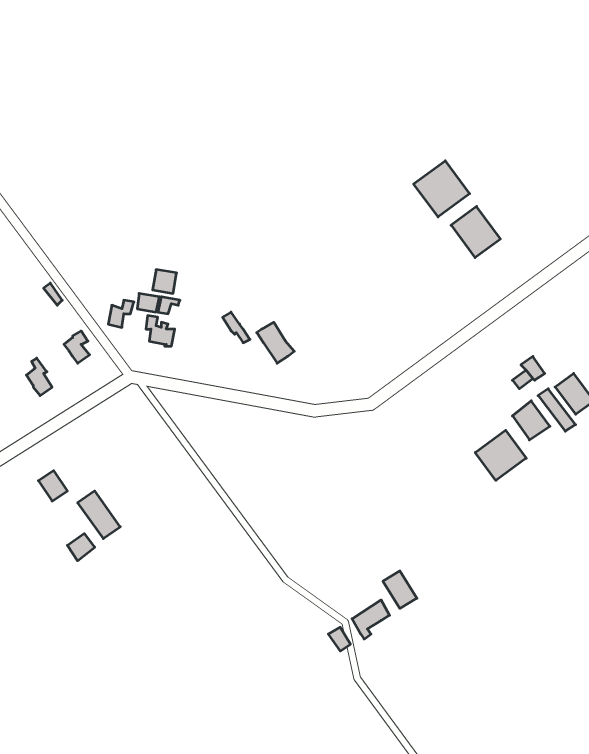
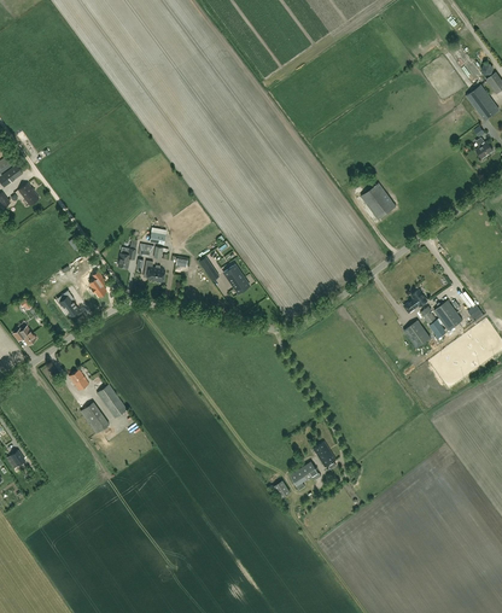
building: [414,161,470,217] -> none
building: [475,430,526,480] -> none

